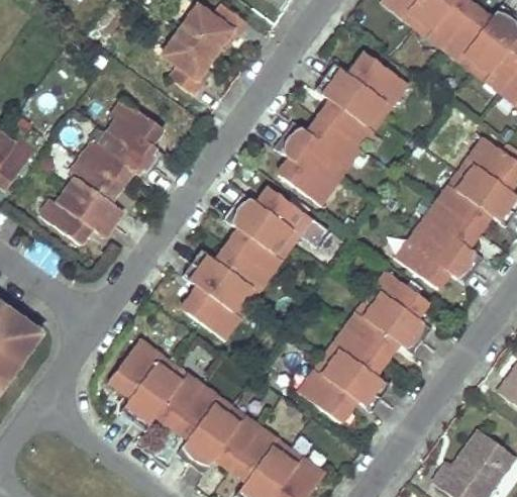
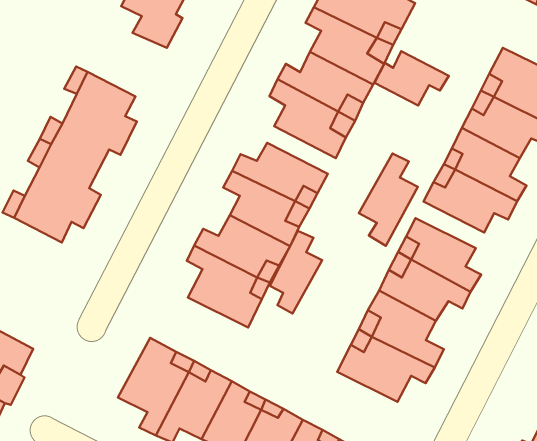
building: none -> [375,51,449,106]
building: none -> [359,153,418,246]
building: none -> [270,231,322,313]

